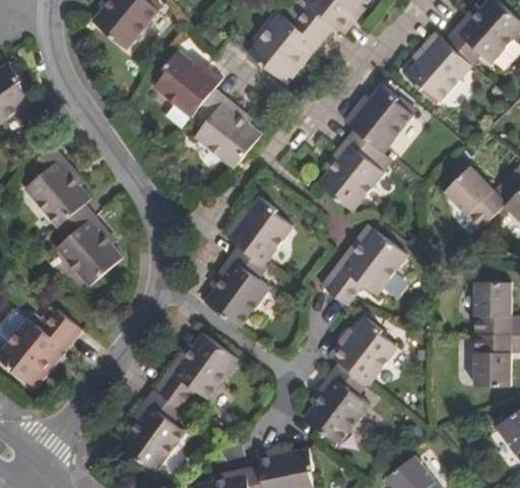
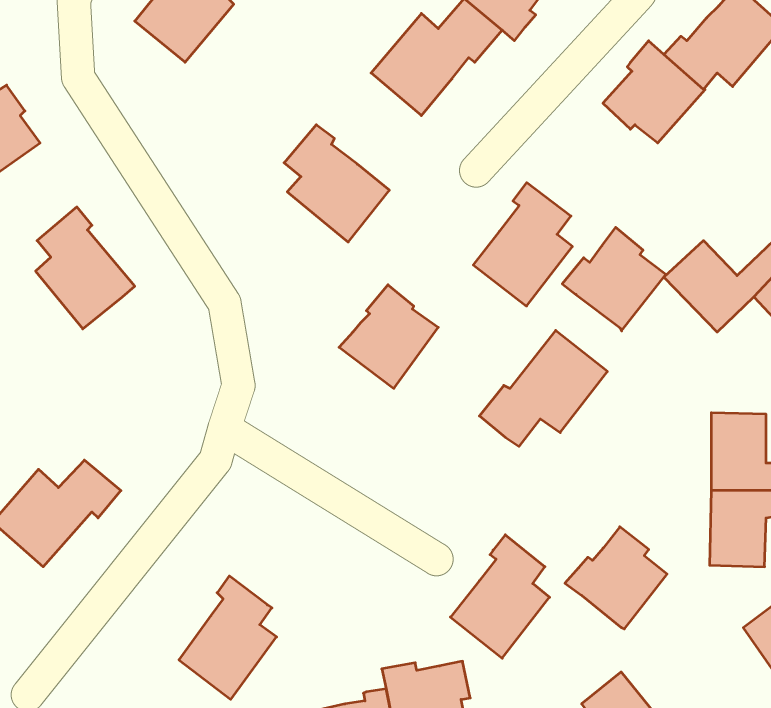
building: [152,50,221,118] -> none
building: [343,83,412,152] -> [562,227,666,331]
building: [53,204,122,288] -> none
building: [206,238,268,327] -> none
building: [327,317,395,385] -> [565,527,667,629]
building: [154,332,239,410] -> none

